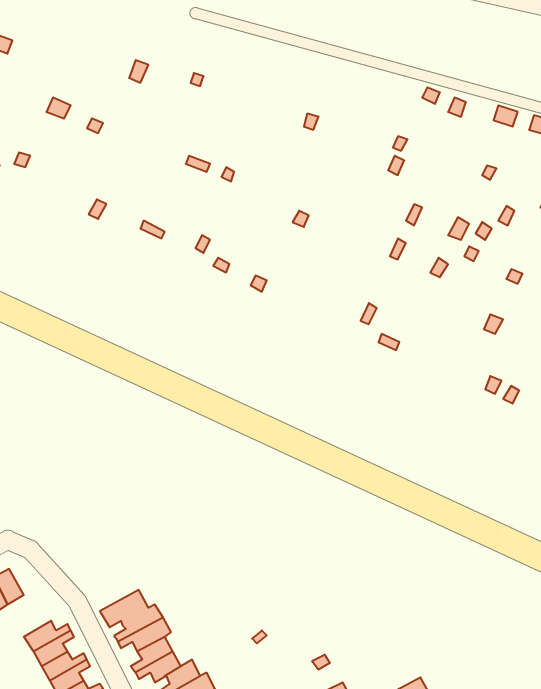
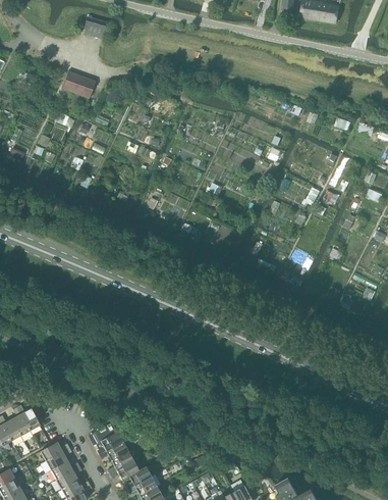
building: none -> [61,71,96,99]

